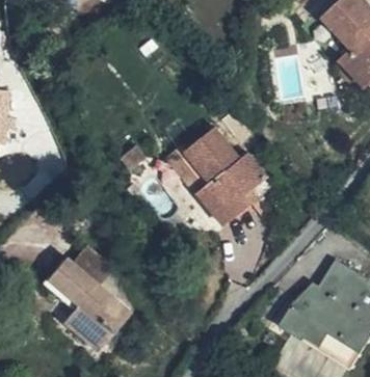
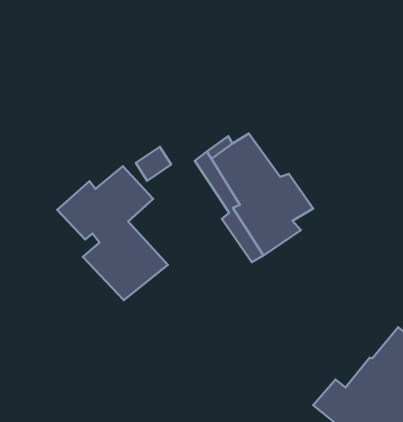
building: [41,252,130,354] -> [57,166,168,300]

